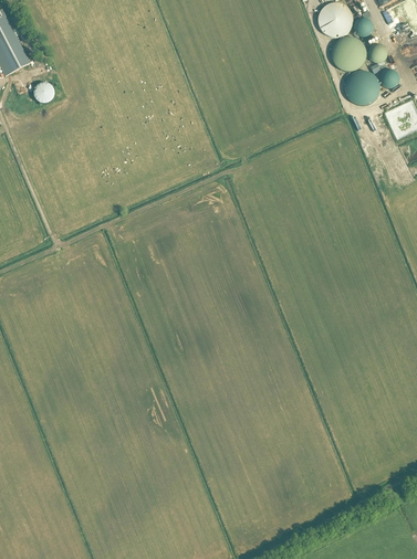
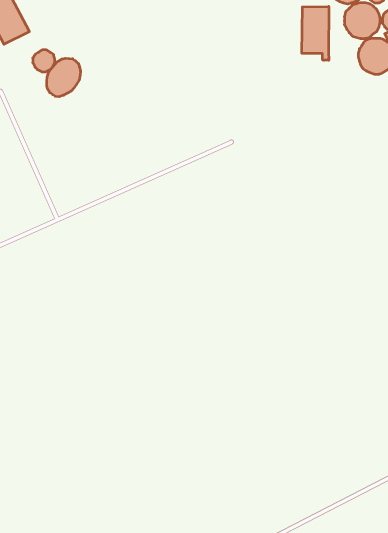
building: none -> [302,6,329,60]
building: none -> [47,58,80,97]

